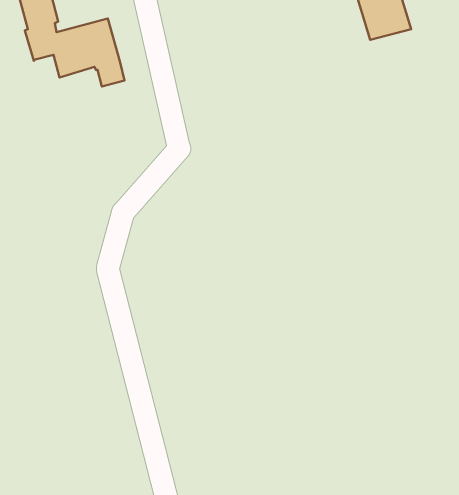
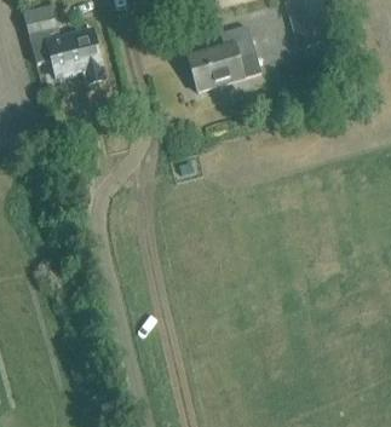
building: none -> [188,28,259,92]

